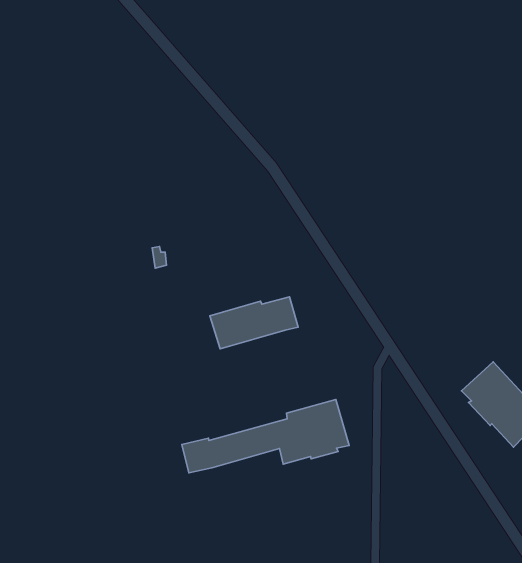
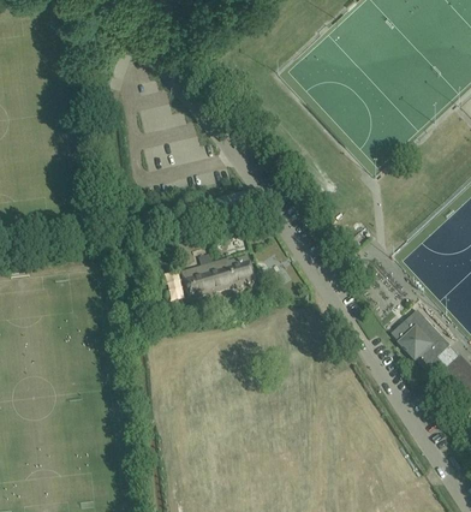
building: [182,400,349,473] -> none

